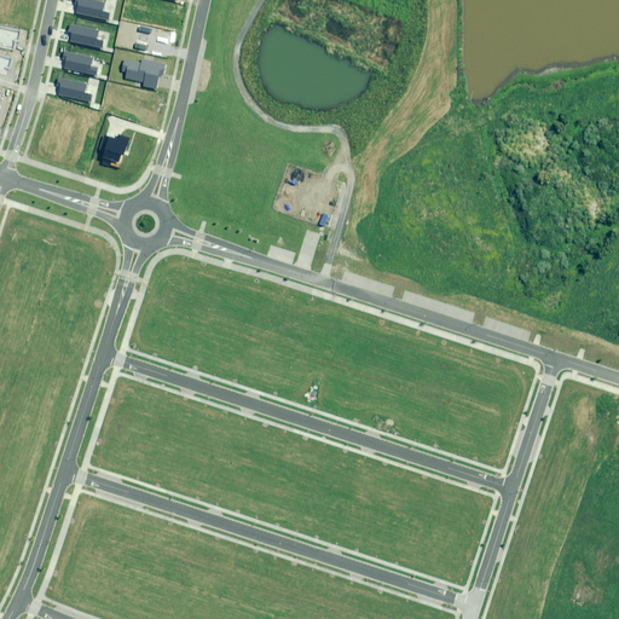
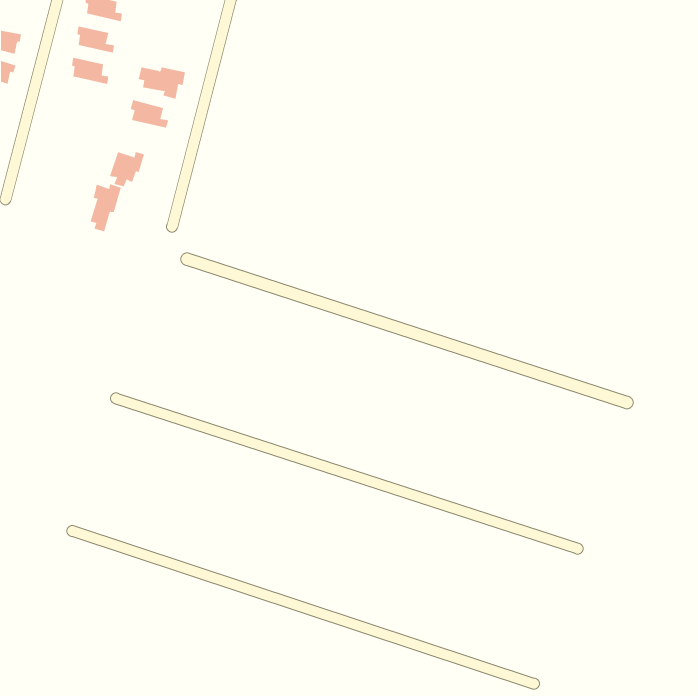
building: [57,76,92,102] -> [130,100,169,128]
building: none -> [90,184,121,232]

